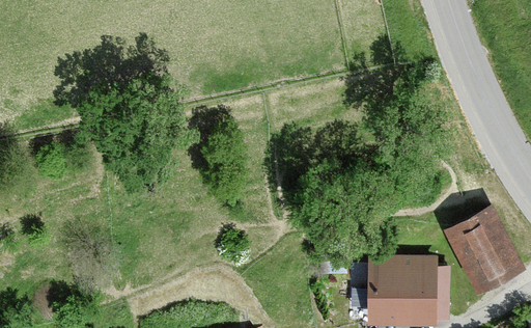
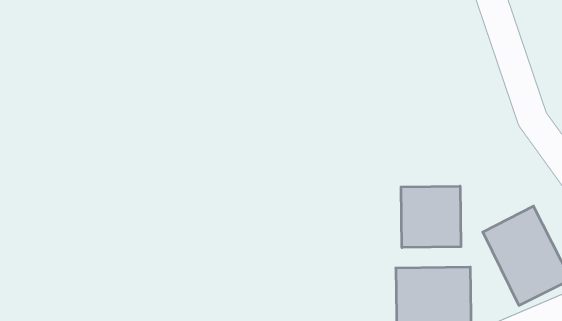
building: none -> [401,186,461,248]

